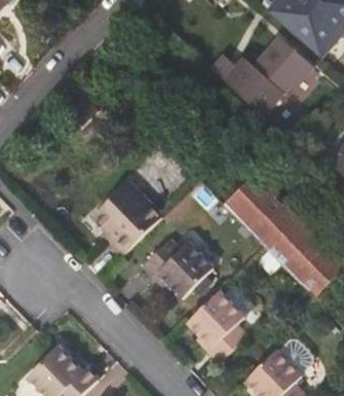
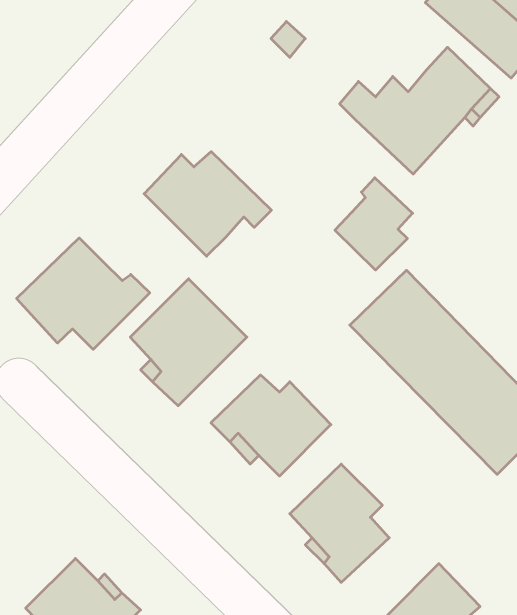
building: none -> [144,152,271,256]
building: none -> [335,178,413,270]
building: none -> [17,238,150,349]

